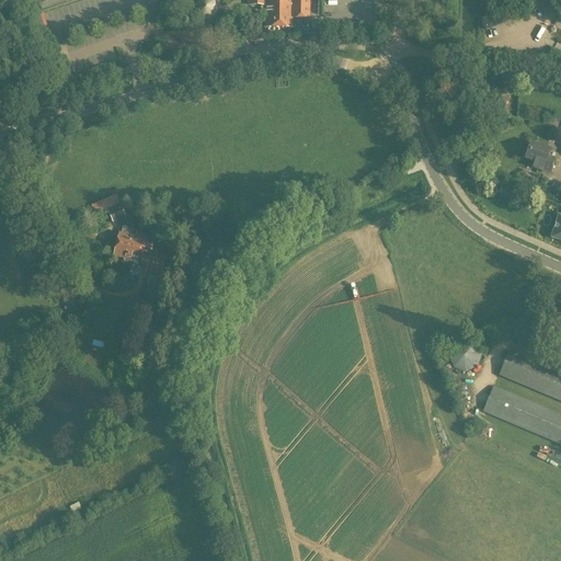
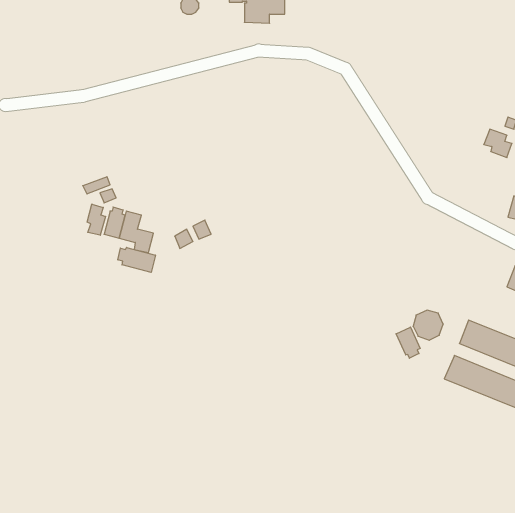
building: none -> [87,204,106,235]
building: none -> [118,247,155,272]
building: none -> [396,327,420,358]

